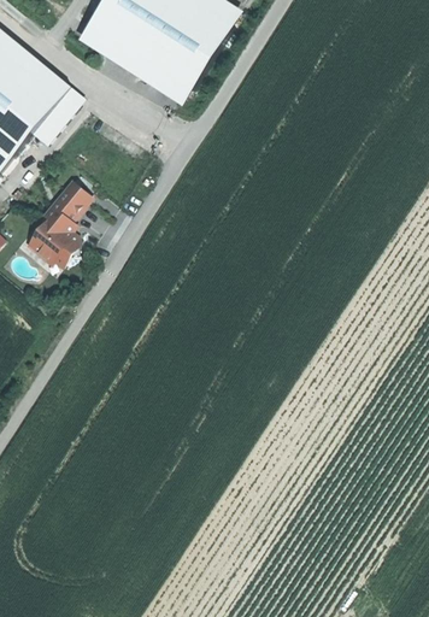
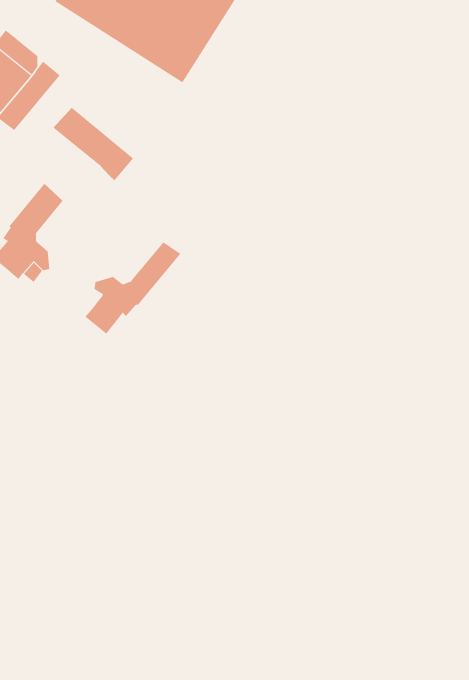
building: none -> [52,107,134,181]
building: none -> [85,241,181,335]

